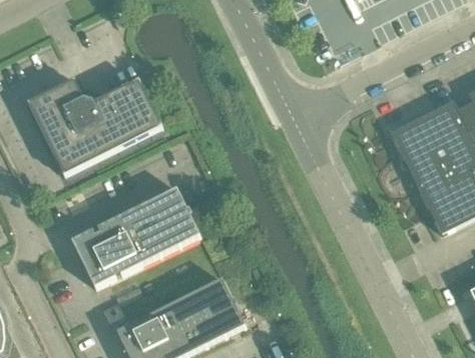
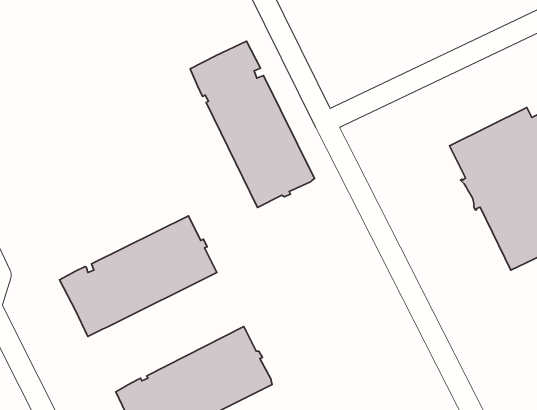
building: none -> [190,41,315,207]
building: [30,79,163,173] -> none

